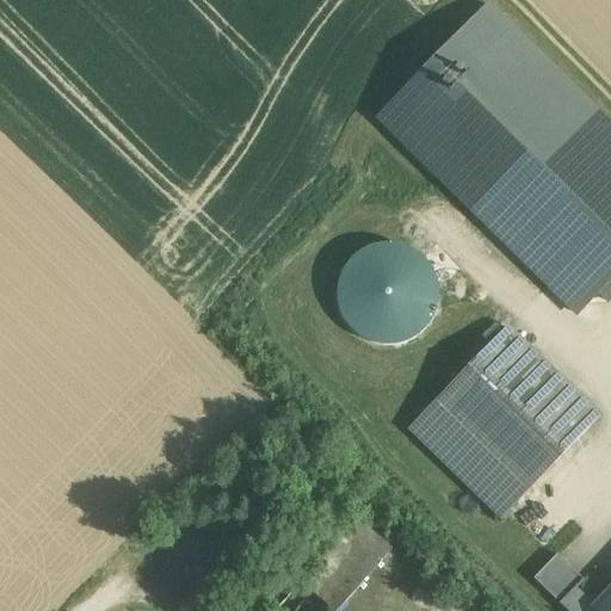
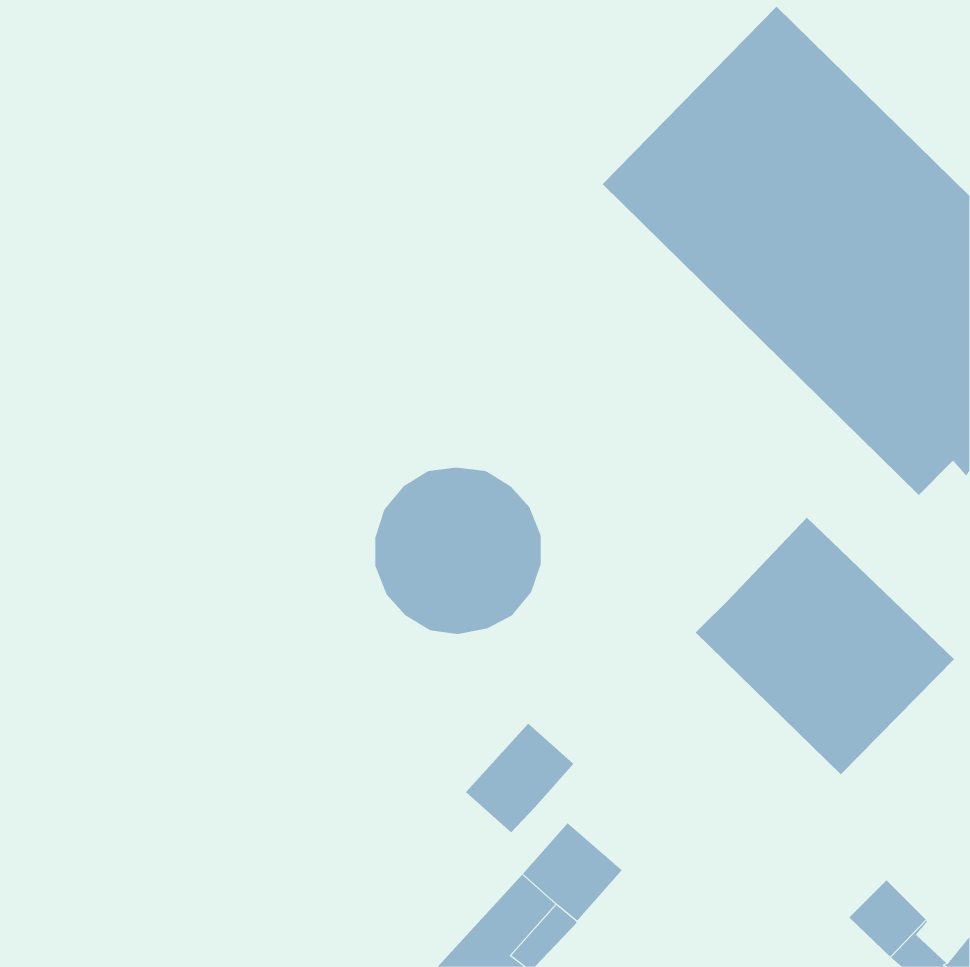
building: [335,240,440,345] -> [374,467,541,634]
building: [408,397,529,517] -> none
building: none -> [465,723,574,833]

